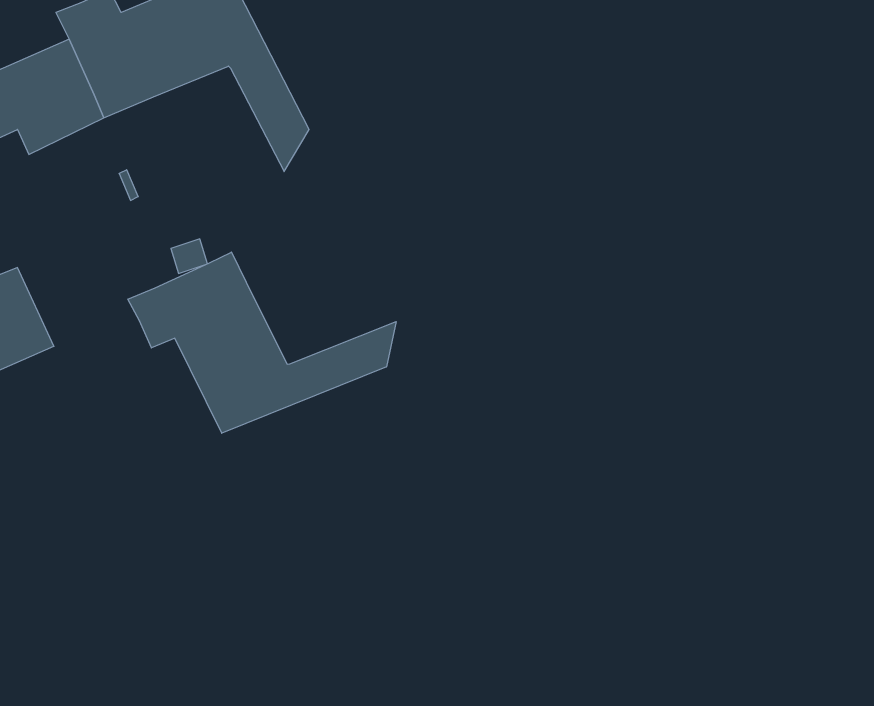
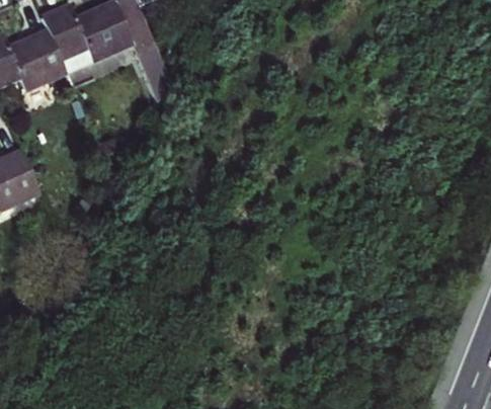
building: [128,252,396,433] -> none

